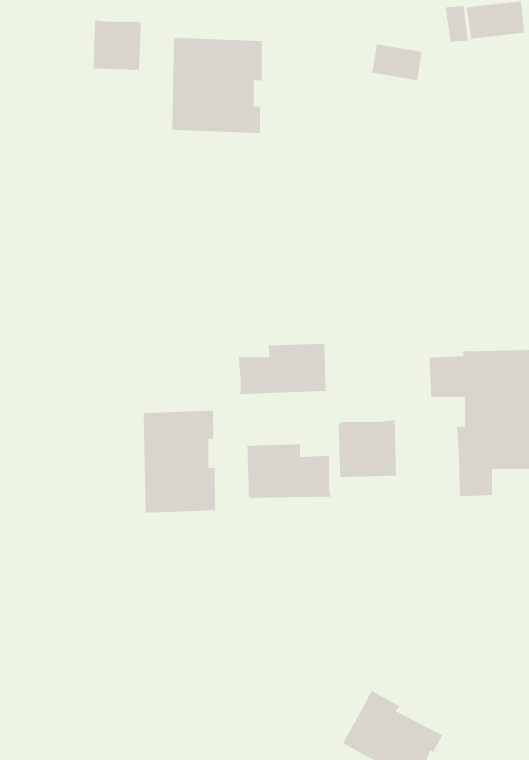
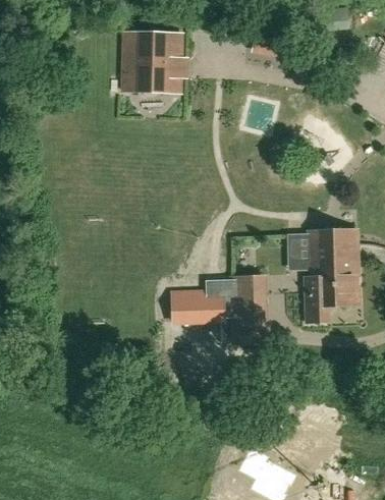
building: [93,19,141,71] -> none
building: [239,343,326,395] -> none
building: [143,410,215,513] -> none

